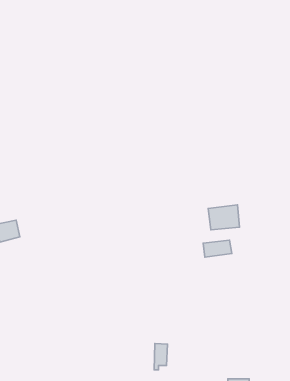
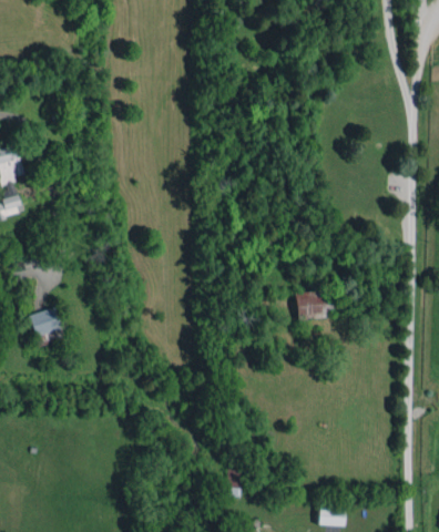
building: [203,240,232,257] -> none

